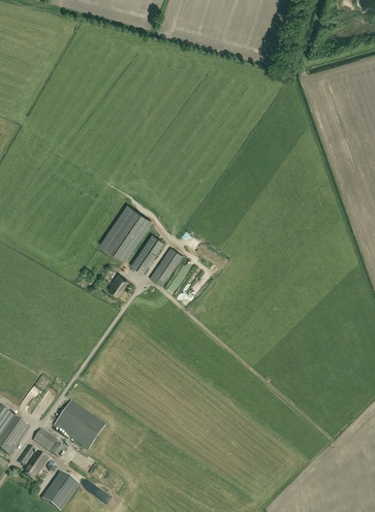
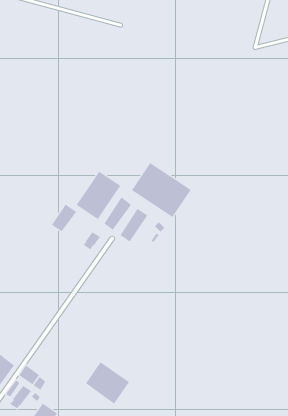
building: none -> [131,162,192,218]
building: none -> [51,204,77,232]
building: [53,401,104,450] -> [85,362,130,404]

